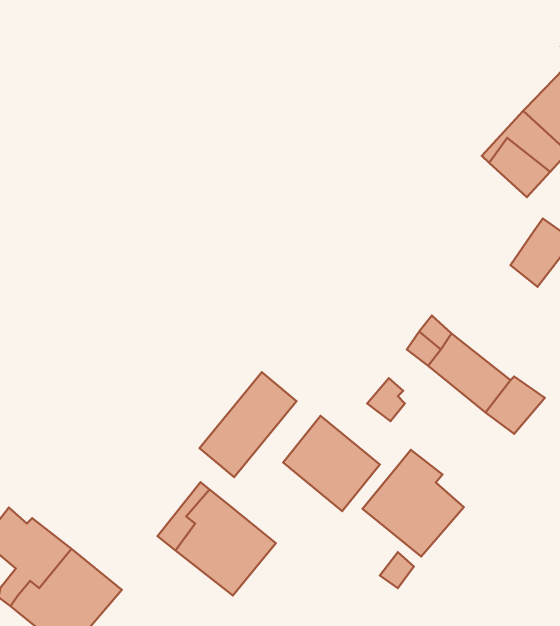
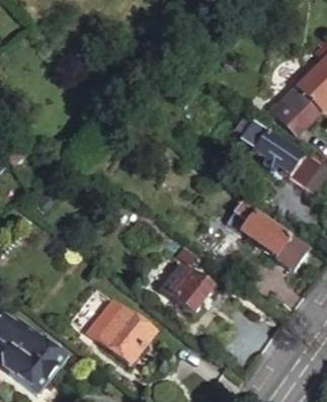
building: none -> [243,120,303,175]
building: [200,372,296,477] -> none
building: [362,450,464,557] -> none

